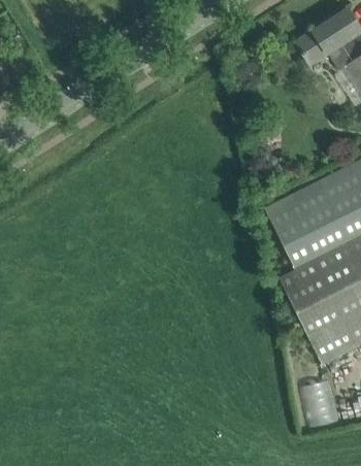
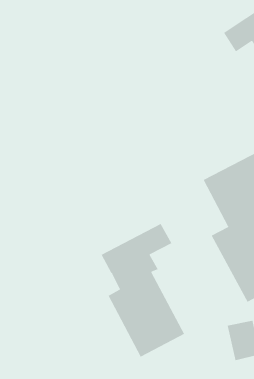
building: none -> [101,223,185,357]

